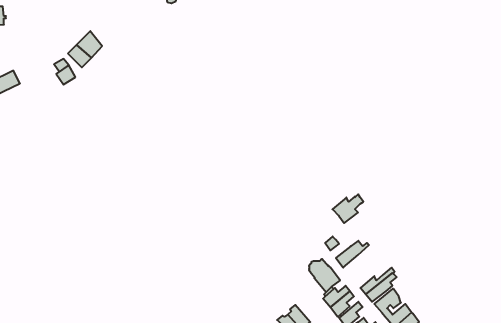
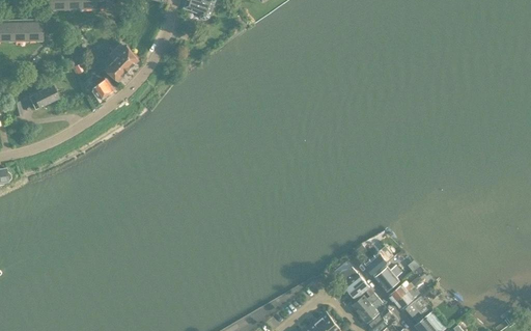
building: [332,194,363,223] -> [373,263,403,291]

